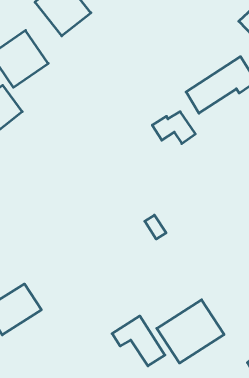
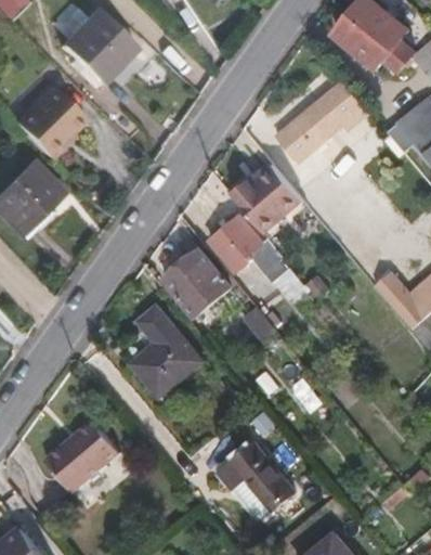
building: none -> [209,215,303,298]
building: none -> [162,248,230,317]
building: none -> [129,305,200,397]
building: [157,300,224,363] -> none

